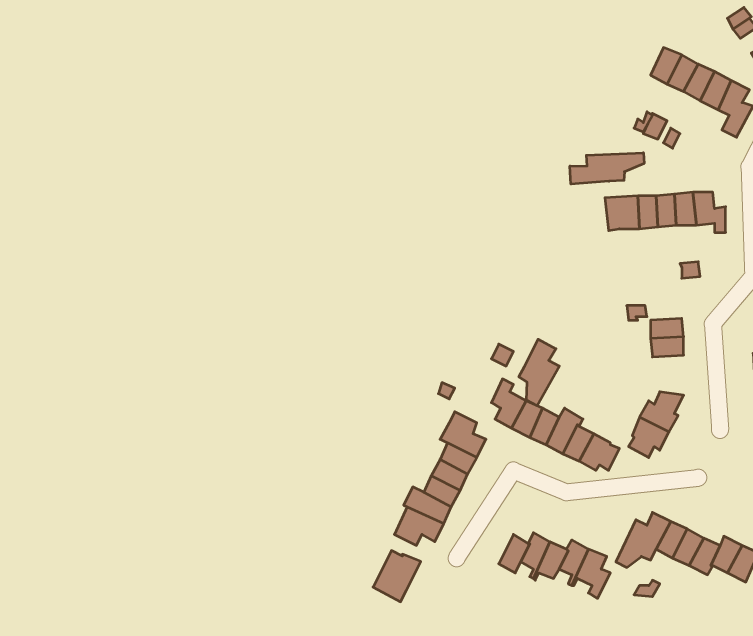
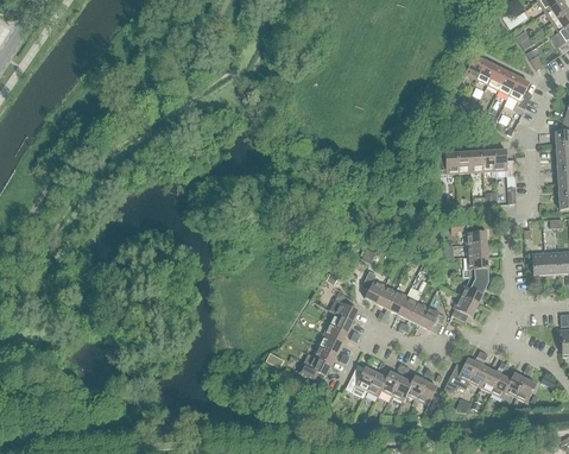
building: [570,153,644,184] -> none
building: [519,339,559,406] -> none
building: none -> [463,256,488,282]
building: [373,551,421,602] -> [346,365,377,398]

